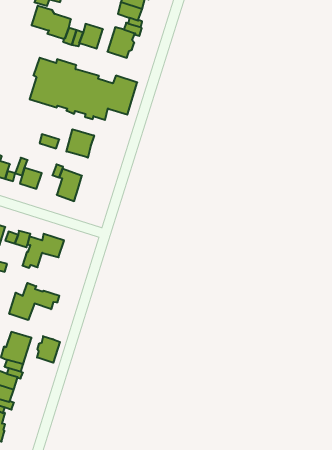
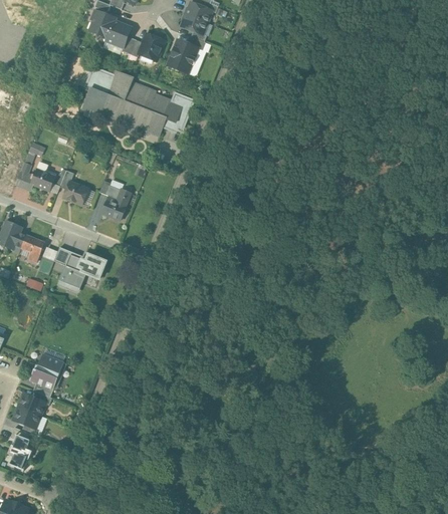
building: [66,129,94,158] -> none
building: [9,283,59,320] -> none
building: [37,336,60,363] -> none

